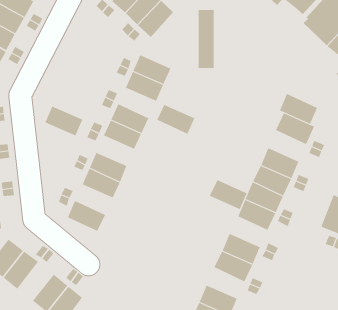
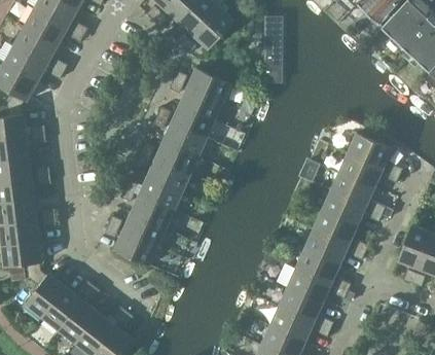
building: [279,93,318,124] -> [338,152,382,187]
building: [157,104,195,135] -> [171,105,214,139]
building: [45,106,83,136] -> [146,158,189,192]
building: [209,179,247,210] -> [295,249,338,283]
building: none -> [122,213,166,247]
building: none -> [59,299,99,343]
building: none -> [269,306,313,341]

